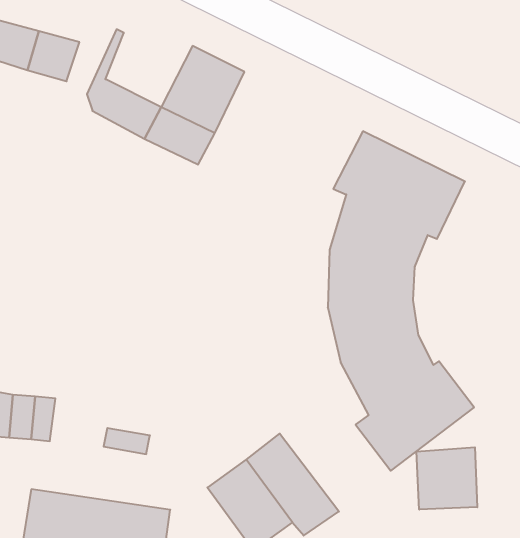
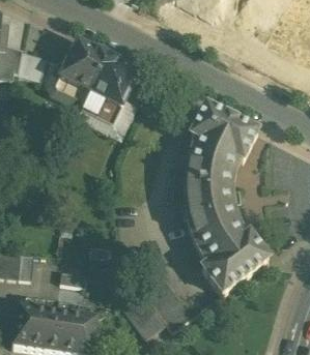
building: none -> [61,41,110,92]
building: [416,447,477,510] -> none

